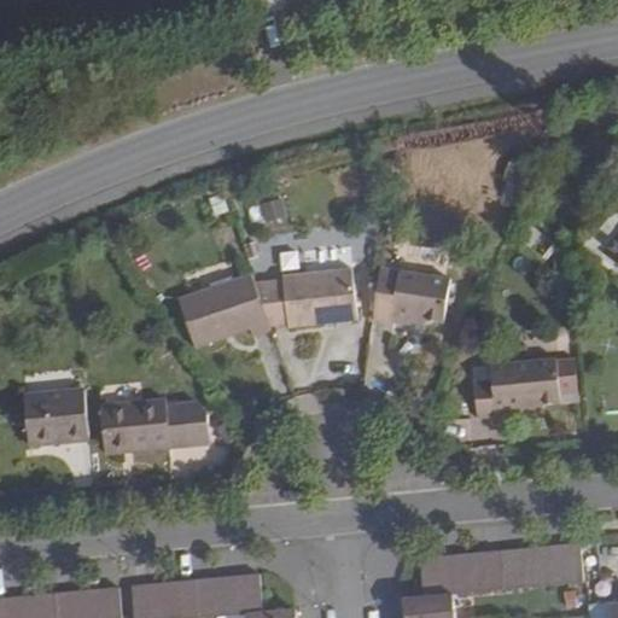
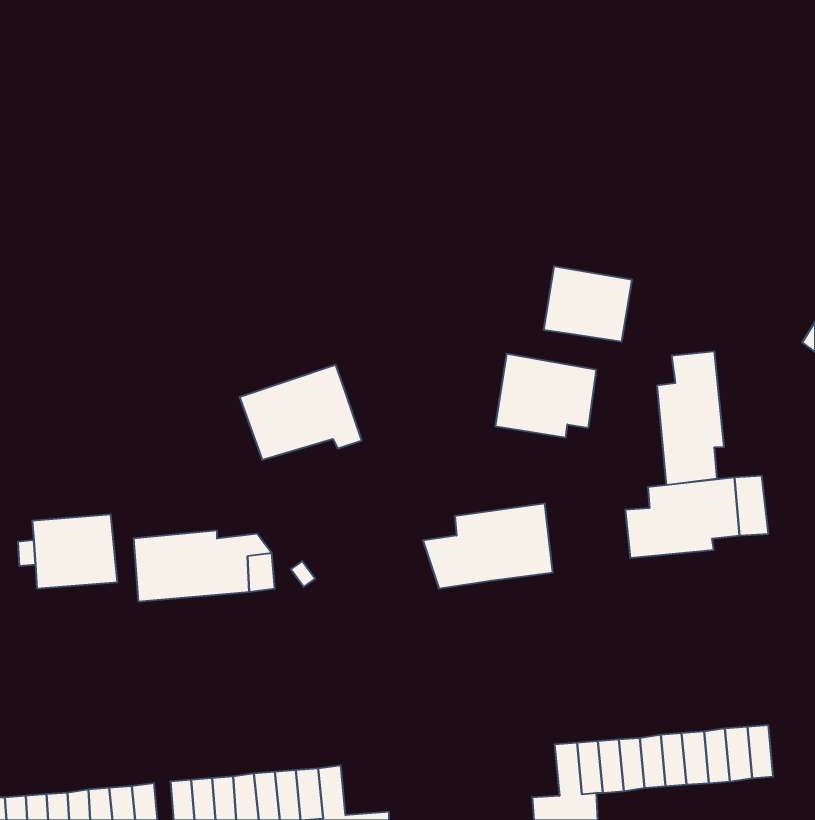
building: none -> [544,266,632,342]
building: none -> [657,351,724,485]
building: [260,267,357,331] -> [423,503,553,589]

